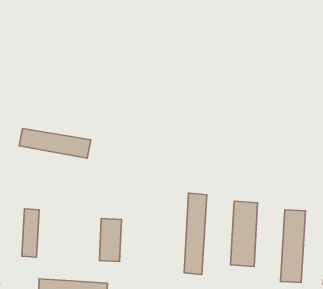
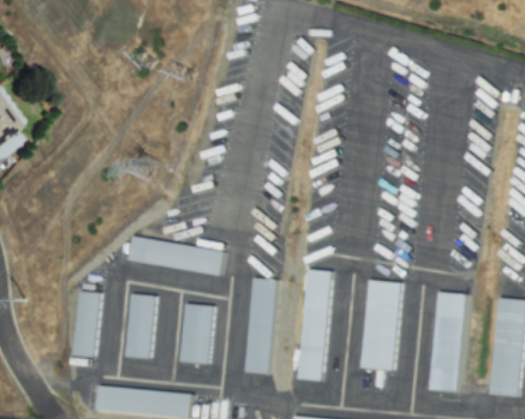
building: [19,128,91,158] -> [126,235,225,276]
building: none -> [247,279,276,373]
building: none -> [126,294,153,358]

